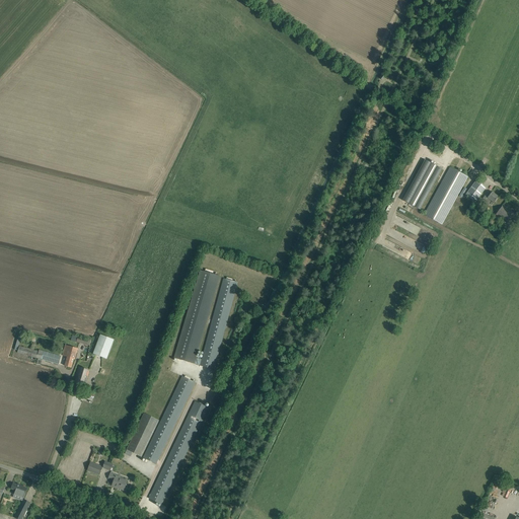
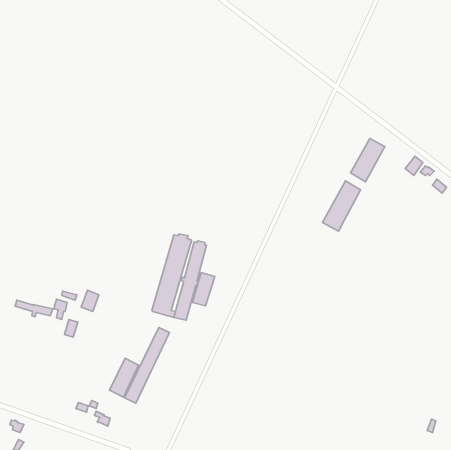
building: [424,166,467,224] -> [323,181,360,231]
building: none -> [193,273,215,306]
building: [148,400,208,504] -> none

